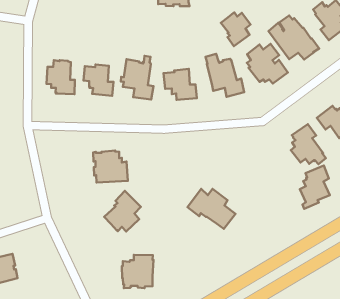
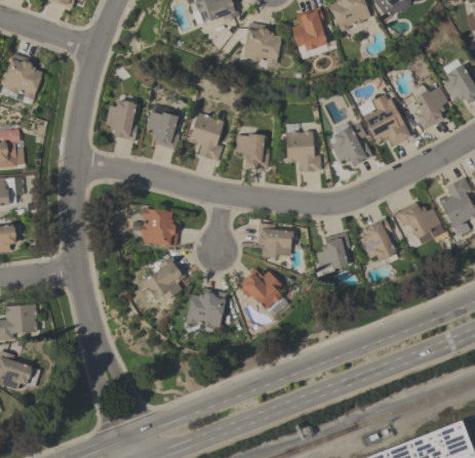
building: [221,12,250,46] -> none
building: none -> [256,222,293,261]
building: [300,165,330,209] -> [316,232,350,276]
building: [122,255,153,288] -> [188,289,226,328]

